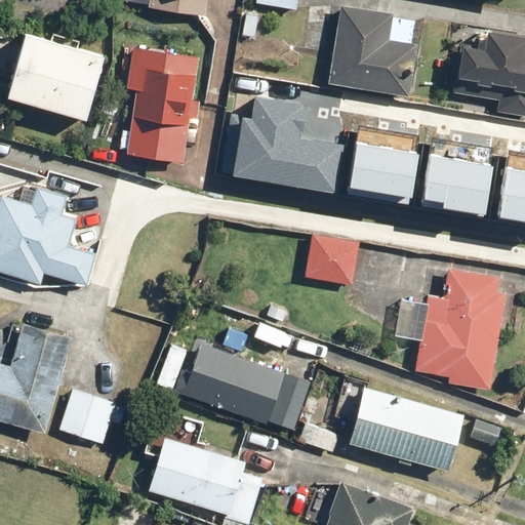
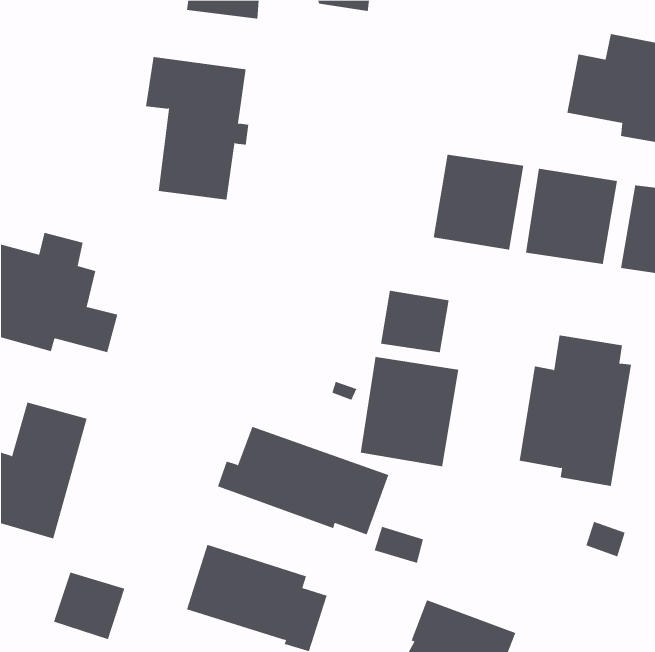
building: [327,7,416,98] -> none
building: [8,34,105,119] -> none
building: [221,95,344,193] -> none
building: none -> [360,356,459,467]
building: [351,388,465,470] -> none
building: [58,390,116,444] -> [53,572,125,640]

